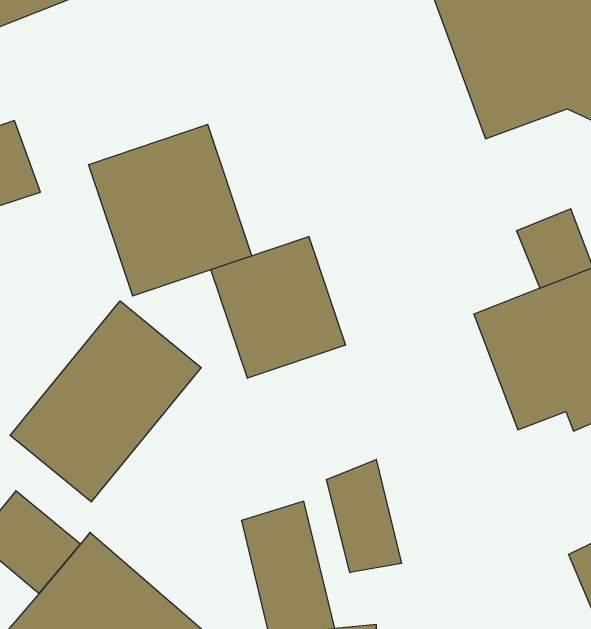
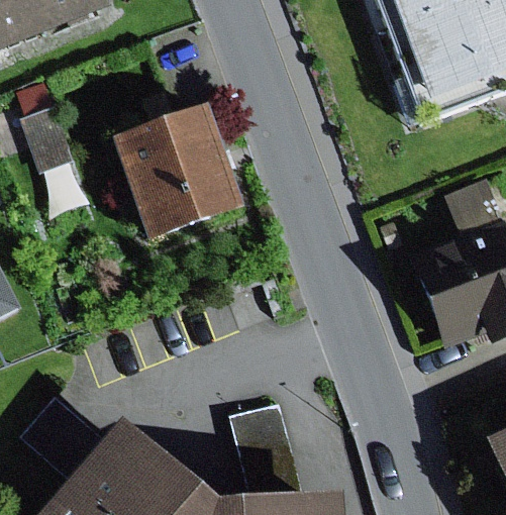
building: [211,236,345,378] -> none
building: [10,301,201,502] -> none
building: [327,459,402,573] -> none

